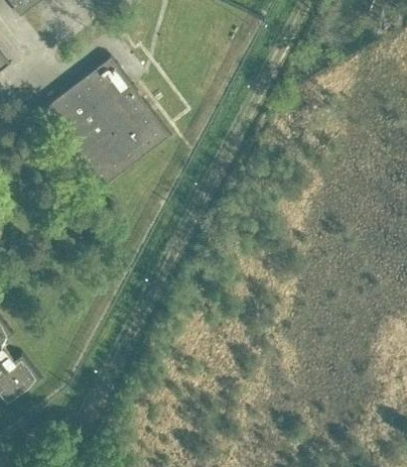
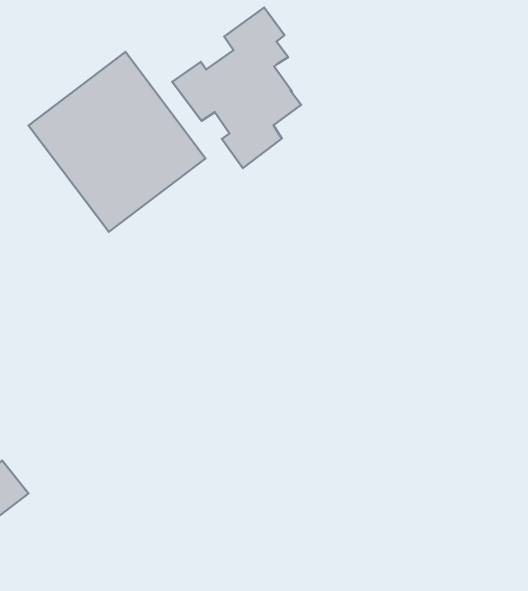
building: none -> [172,7,301,168]

